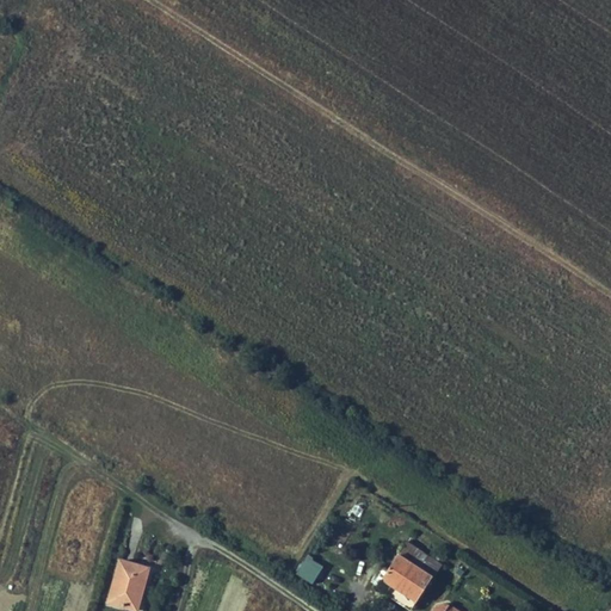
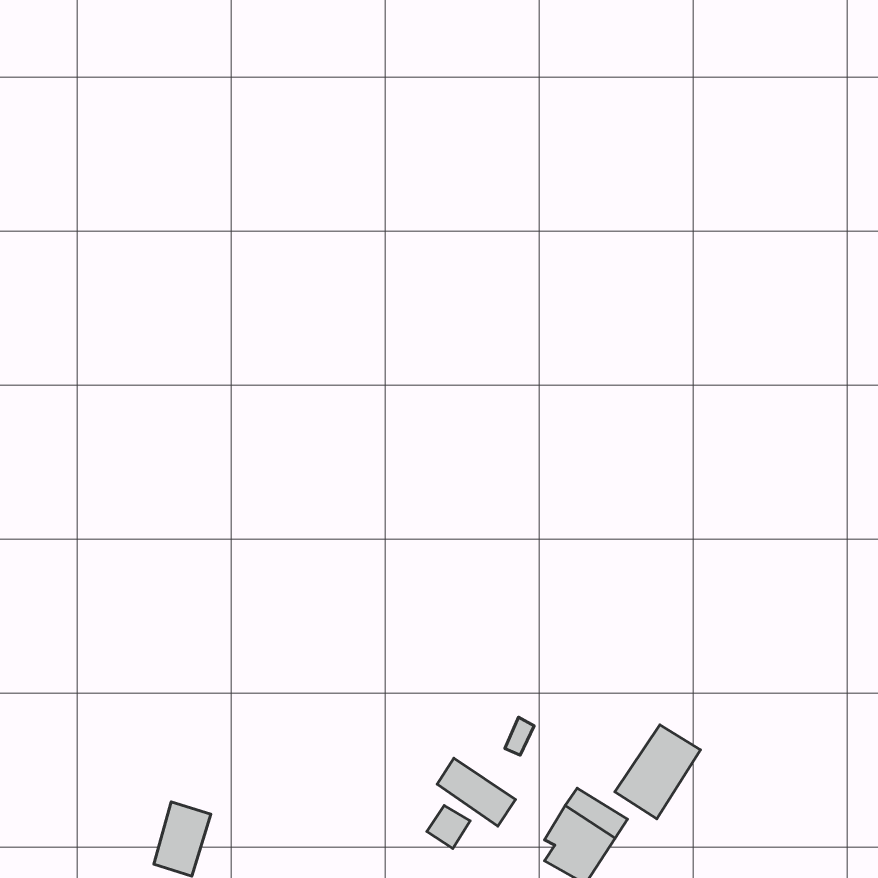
building: none -> [615,725,701,819]
building: none -> [437,758,516,826]

